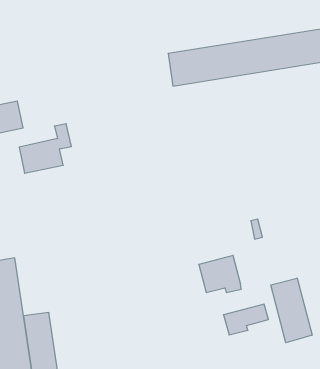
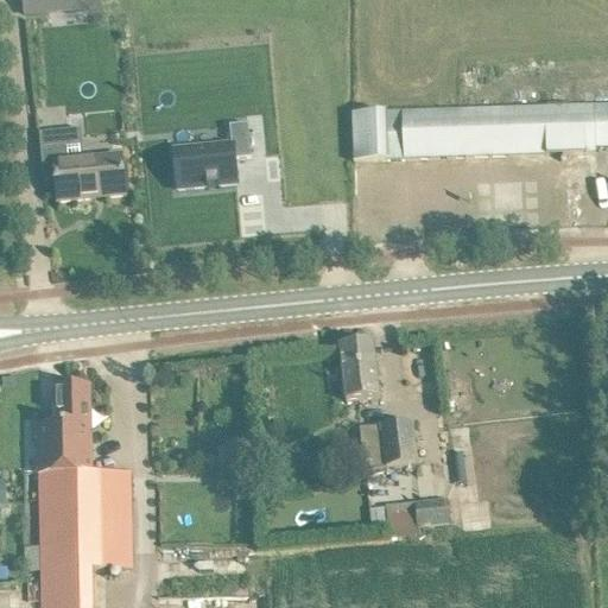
building: [19,124,71,173] -> [173,121,251,186]
building: none -> [338,337,379,398]
building: [271,278,312,343] -> none

